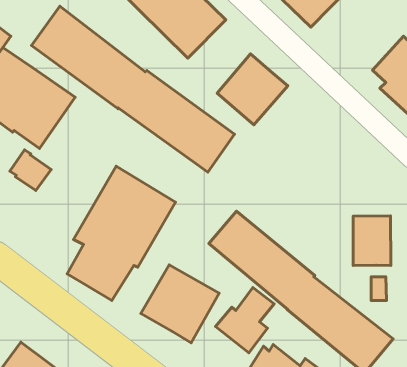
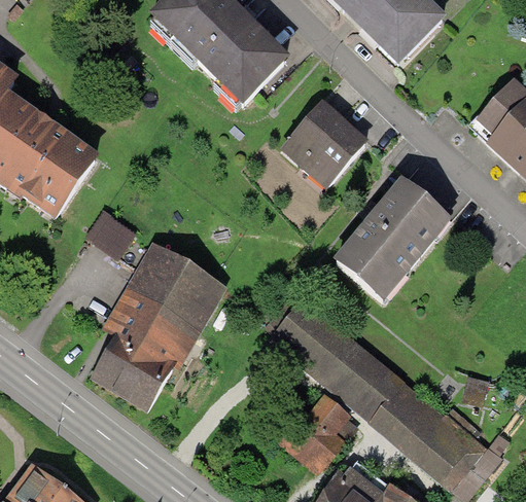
building: [32,6,234,172] -> none
building: none -> [332,177,452,300]
building: [10,150,51,191] -> [84,208,137,259]
building: [353,216,391,266] -> none
building: [141,265,219,343] -> none

